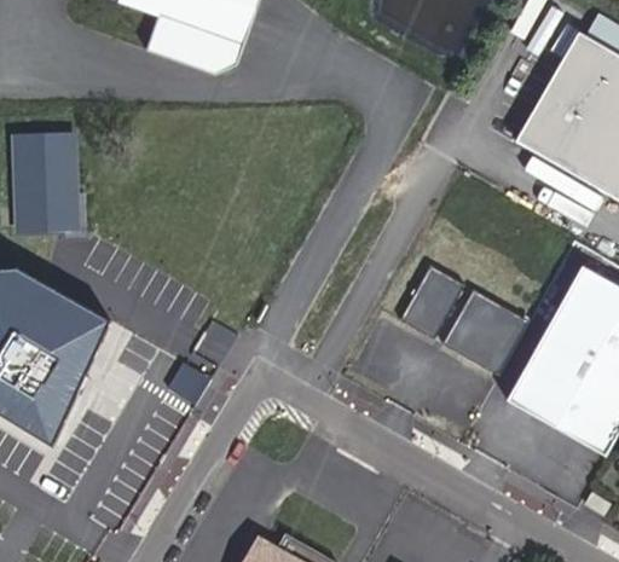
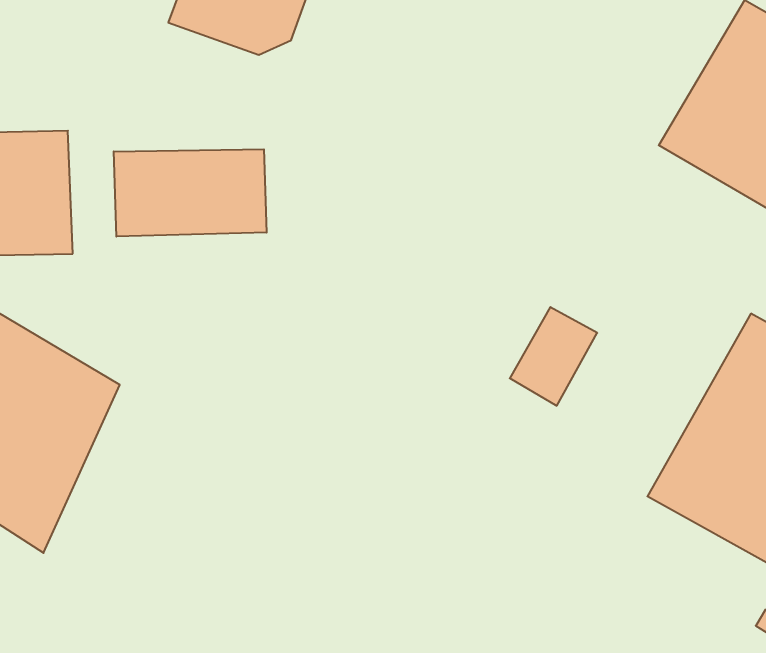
building: none -> [114,149,267,237]
building: [444,289,530,373] -> none

